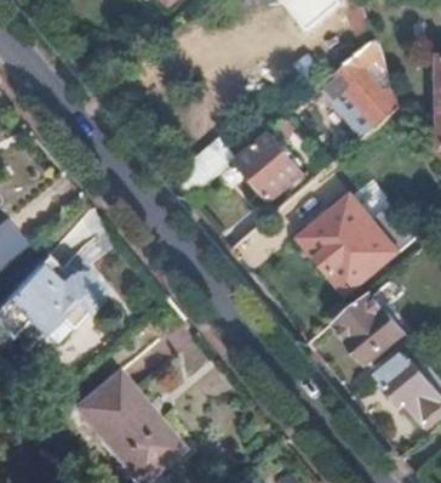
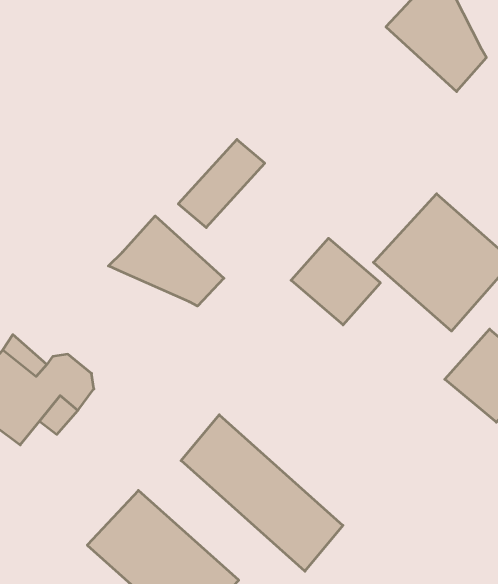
building: [239,138,300,200] -> [291,238,380,325]
building: none -> [108,216,224,306]
building: none -> [181,415,343,571]

